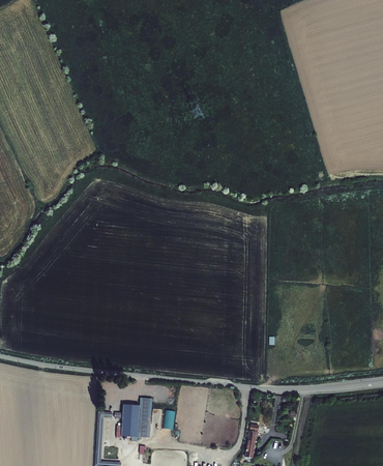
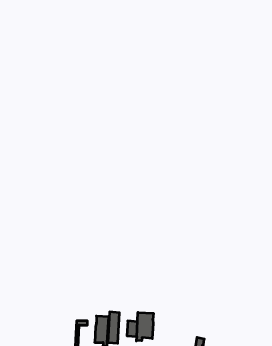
building: none -> [136,312,153,341]

